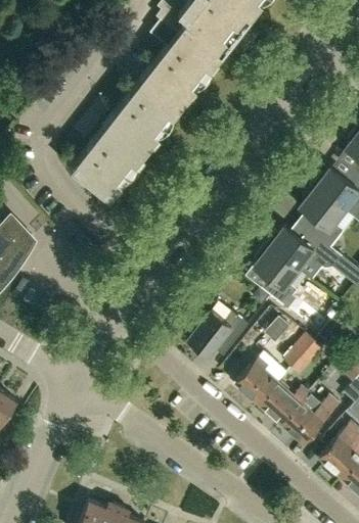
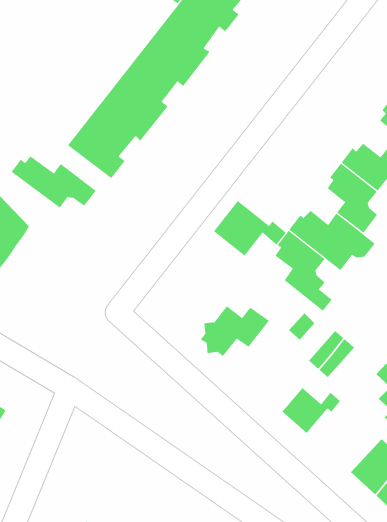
building: none -> [11,156,97,208]
building: none -> [213,200,286,256]
building: [236,351,278,403] -> none
building: [282,395,341,443] -> none

